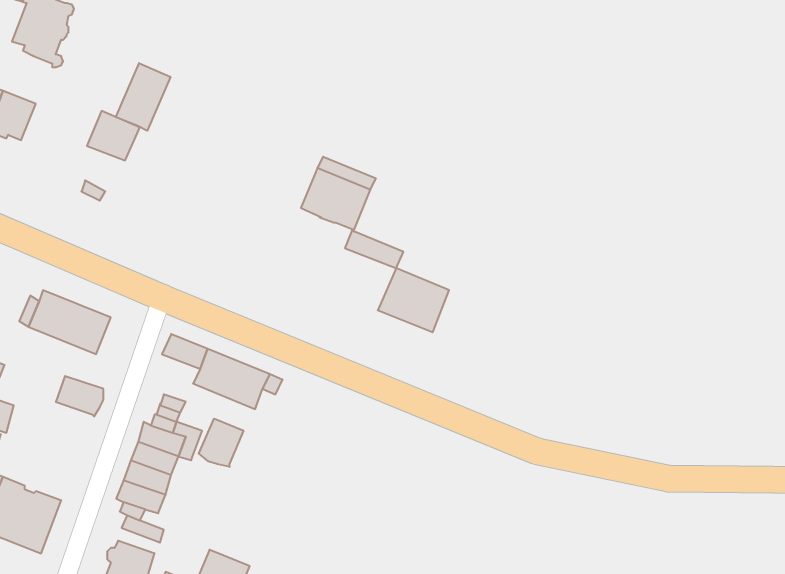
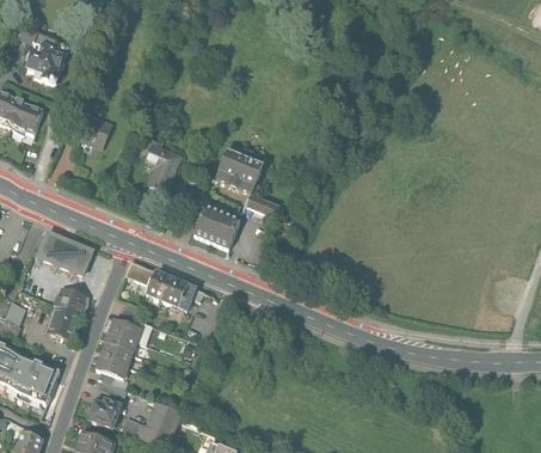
building: [116,63,170,131] -> none
building: none -> [145,142,180,188]
building: [378,268,449,332] -> [193,204,240,246]
building: none -> [48,304,80,337]
building: [199,419,243,467] -> none

